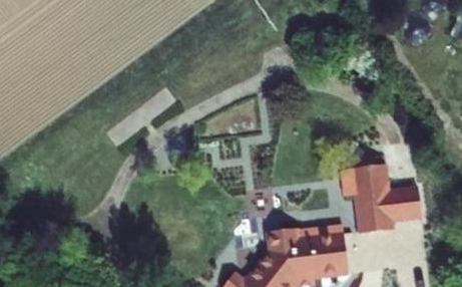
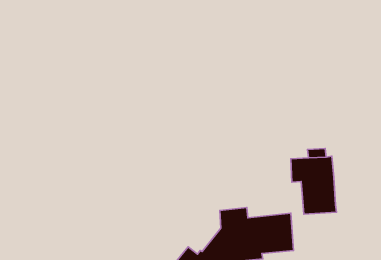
building: [392,194,424,225] -> none

